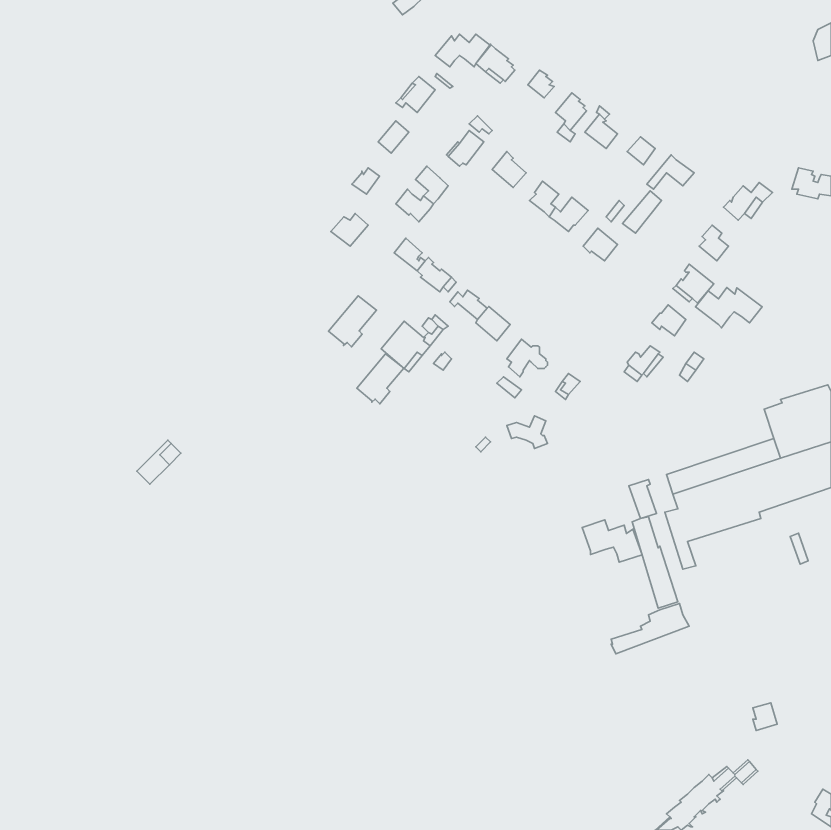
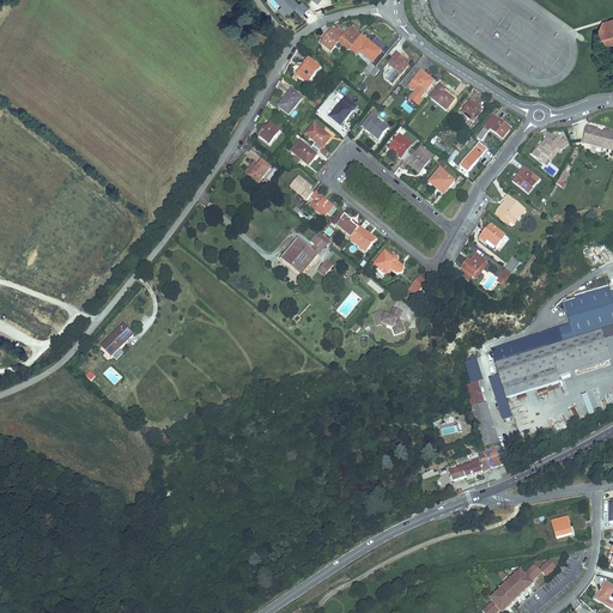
building: [696,288,762,328] -> none
building: [329,296,377,347] -> none
building: [357,354,404,404] -> none
building: [582,520,642,562] -> none

